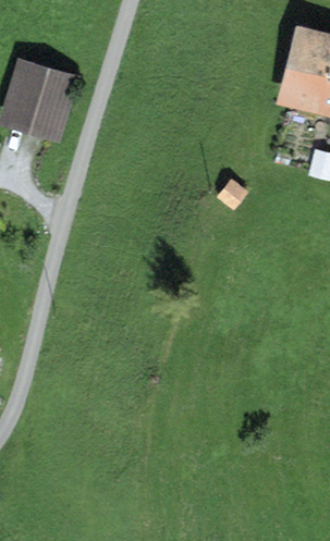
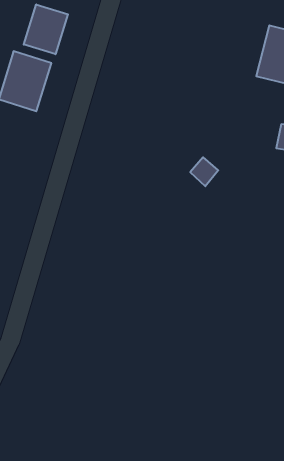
building: none -> [24,4,68,54]

